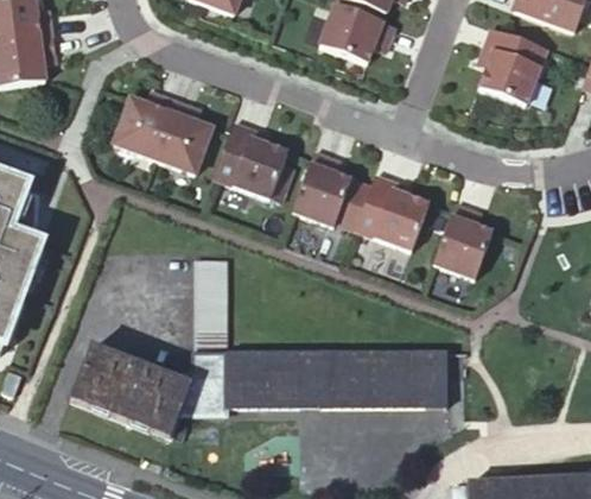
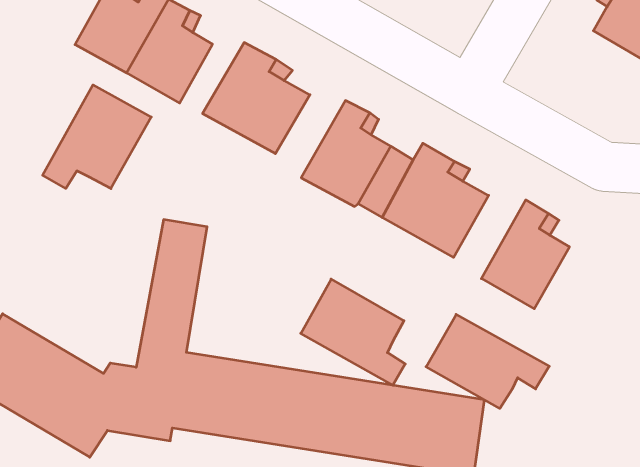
building: none -> [43,85,151,189]
building: none -> [301,279,405,385]
building: none -> [426,314,549,408]

